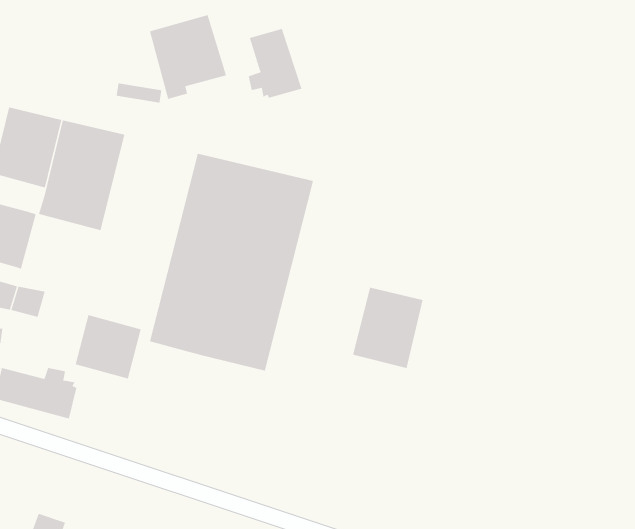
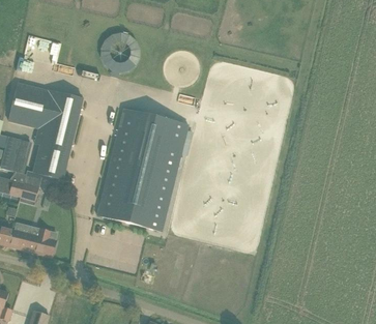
building: [248,28,302,98] -> none
building: [353,287,423,369] -> none
building: [75,315,142,379] -> [32,144,69,180]

